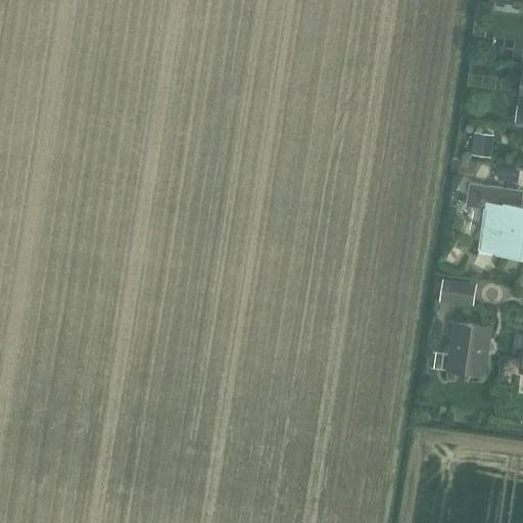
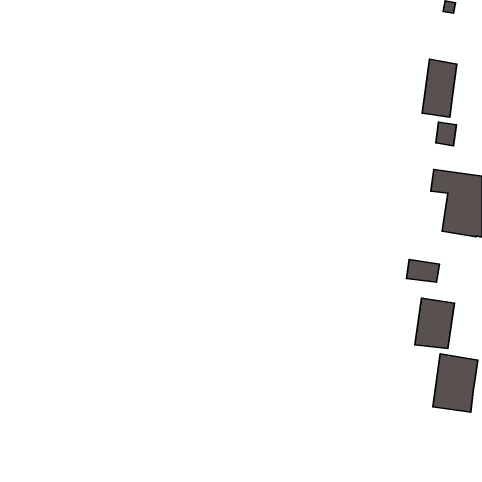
building: none -> [422,59,457,117]
building: none -> [433,354,478,412]

